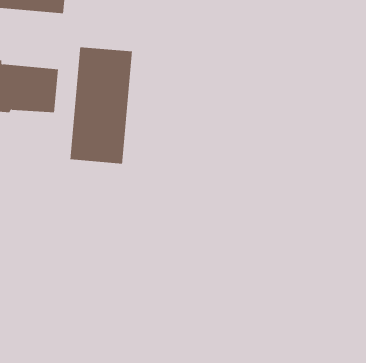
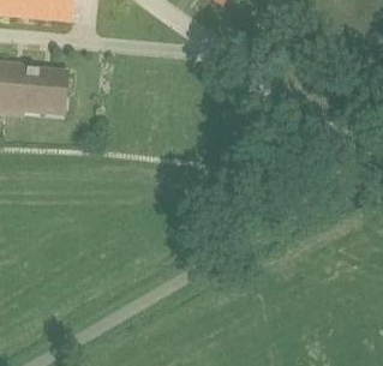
building: [70,47,132,164] -> none

